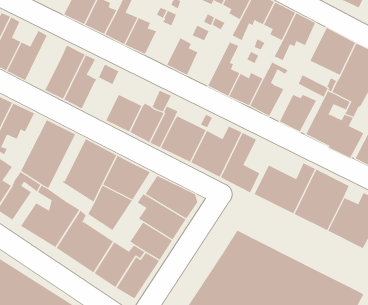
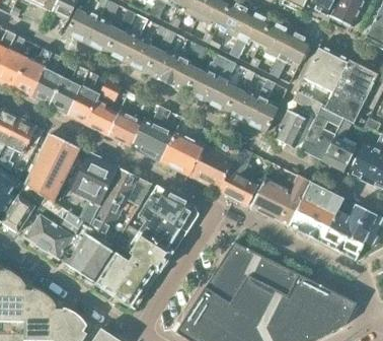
building: none -> [146,49,179,81]
building: none -> [30,53,63,106]
building: none -> [186,53,227,101]
building: none -> [85,100,119,135]

